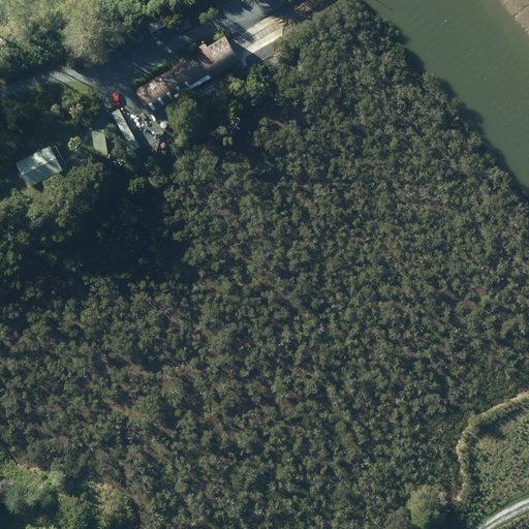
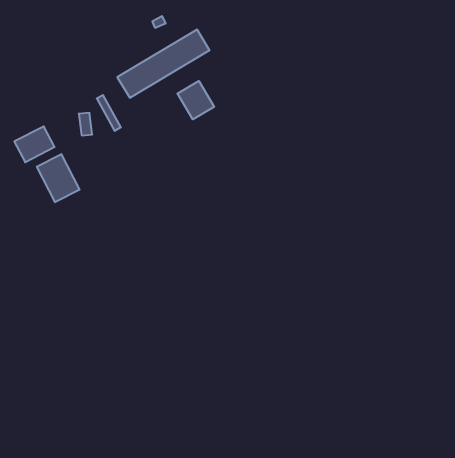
building: none -> [177,81,214,119]
building: none -> [37,154,80,202]

